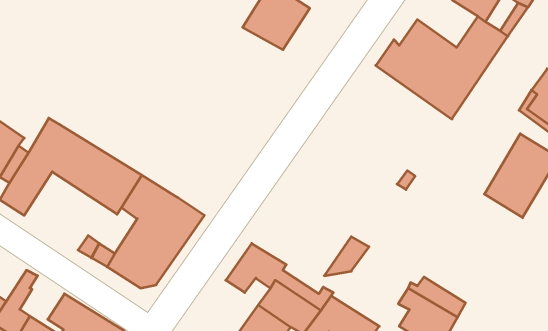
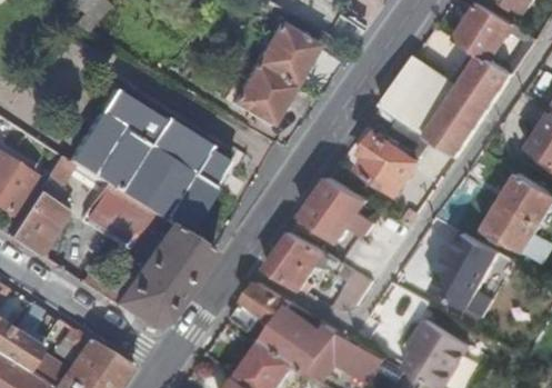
building: none -> [225,66,287,123]
building: none -> [66,93,224,235]
building: none -> [362,131,420,190]
building: none -> [294,175,375,241]
building: none -> [264,230,341,295]
building: none -> [429,232,500,317]

